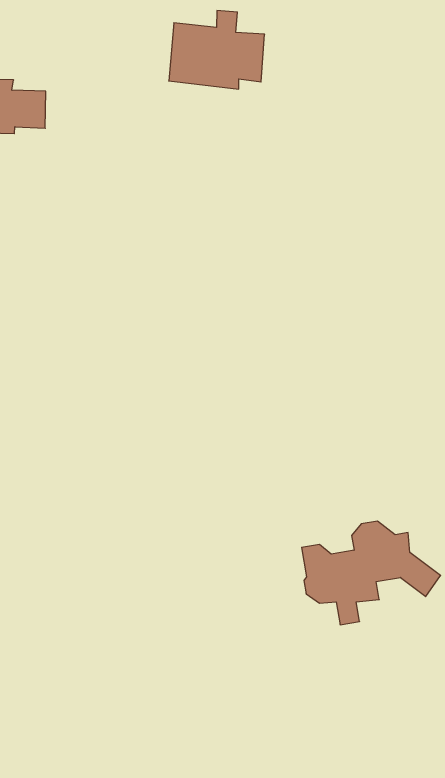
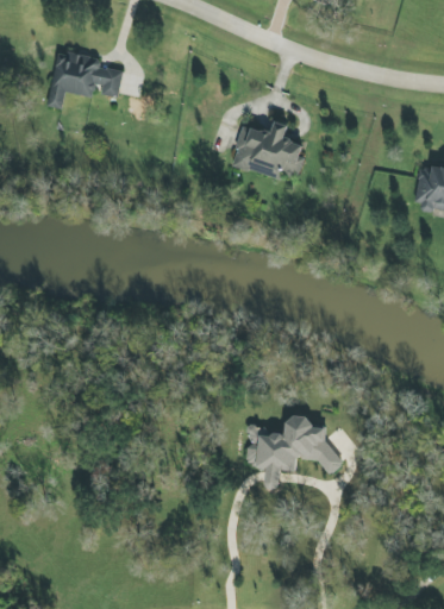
building: [169,11,265,89] -> [231,120,305,178]

